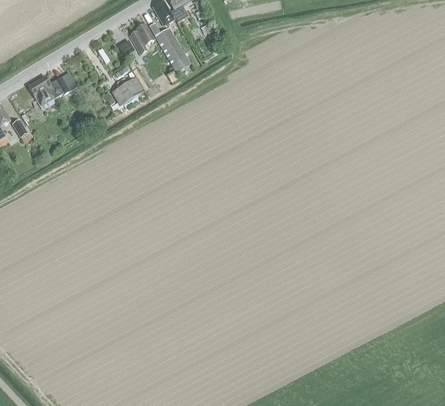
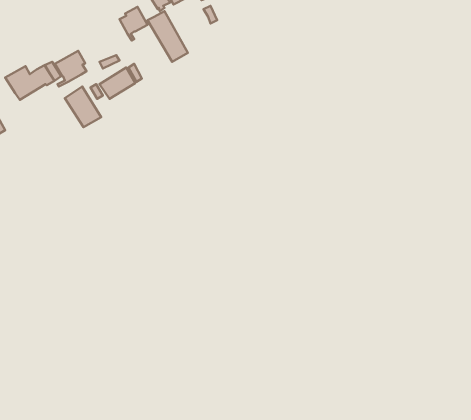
building: none -> [55,51,87,86]
building: none -> [65,86,101,127]

